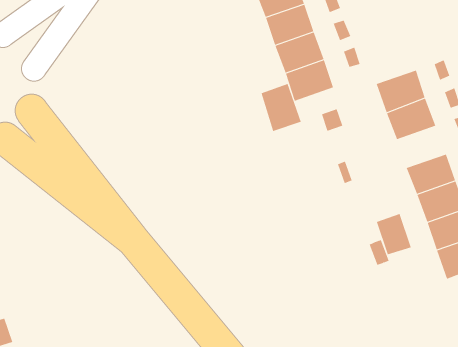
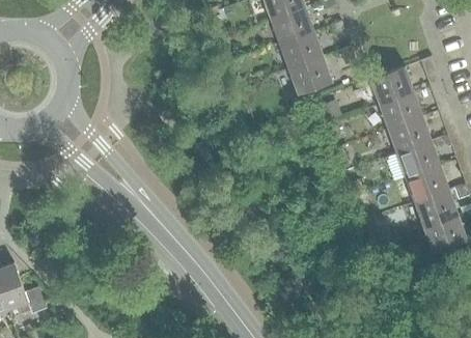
building: [261,83,302,132] -> none
building: none -> [387,116,432,153]
building: [376,213,412,255] -> none

